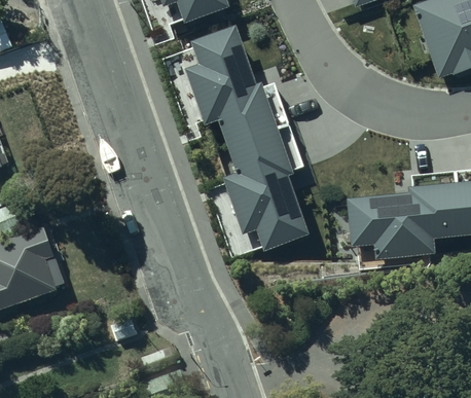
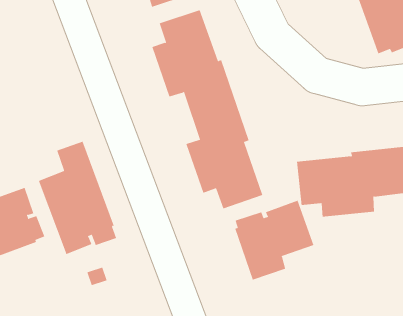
building: none -> [38,141,117,255]
building: none -> [235,200,314,280]

